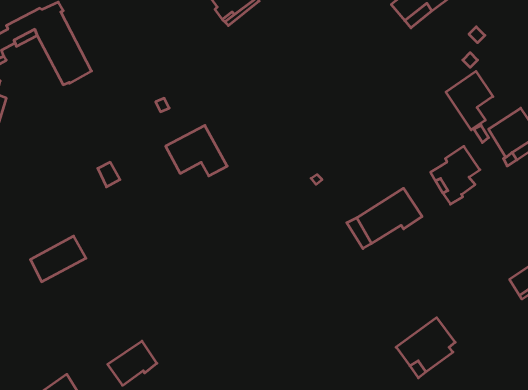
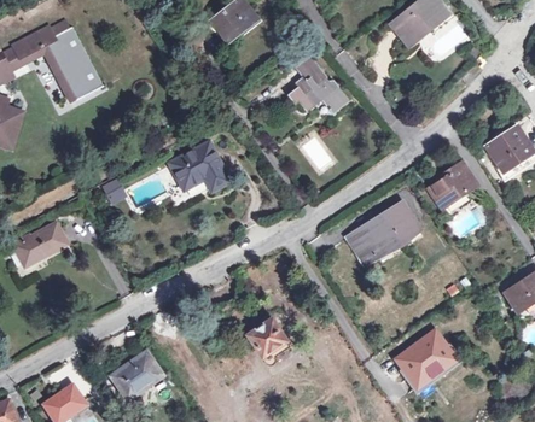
building: none -> [286,55,347,112]
building: [446,71,493,130] -> none
building: [30,236,86,282] -> [13,222,68,266]
building: none -> [250,317,287,354]

